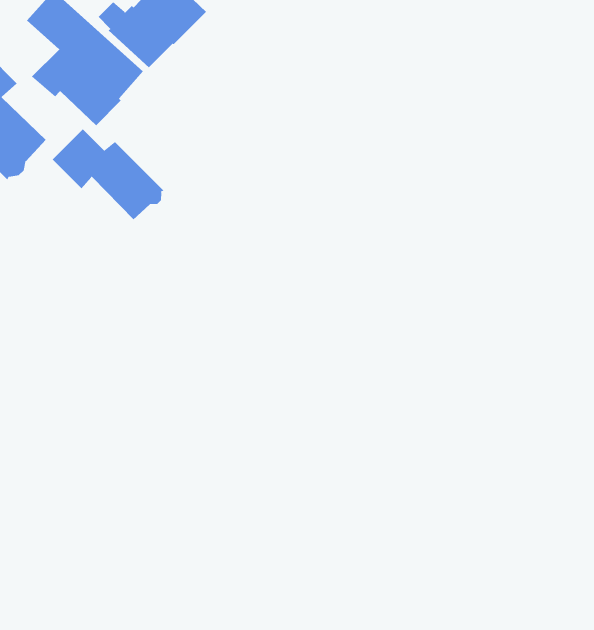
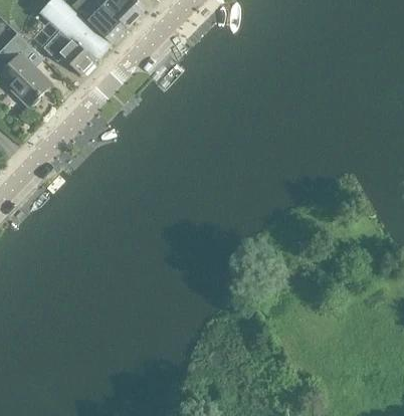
building: [52,128,165,220] -> none

